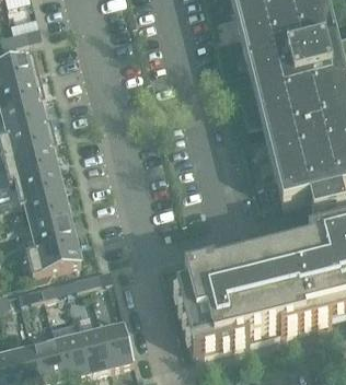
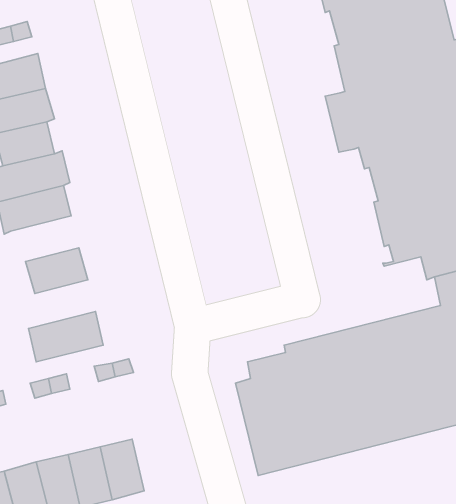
building: [13,166,62,200] -> none
building: [20,212,74,247] -> none
building: [101,320,134,364] -> none

